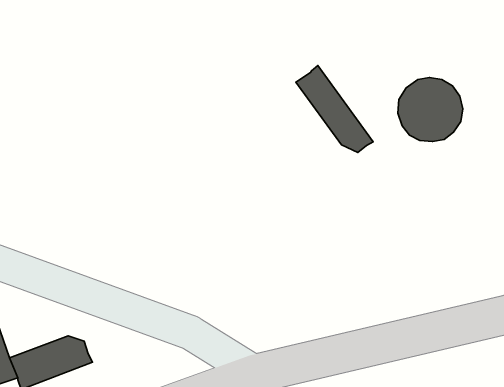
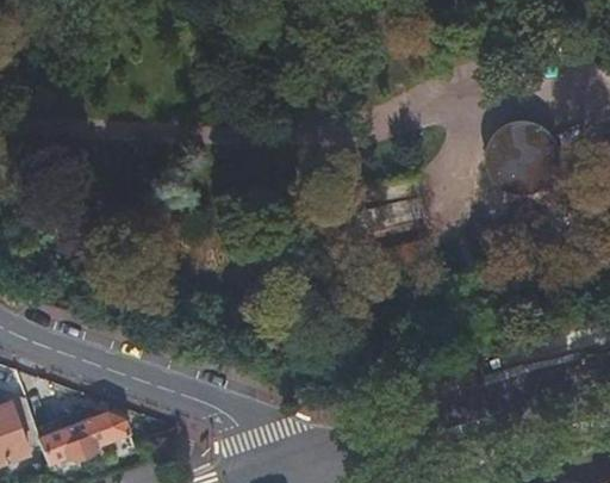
building: [296,65,373,152] -> none

